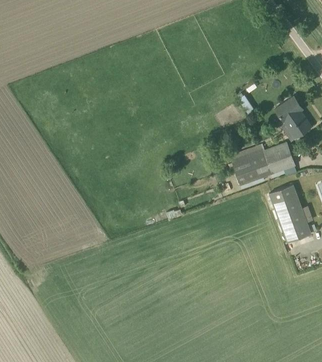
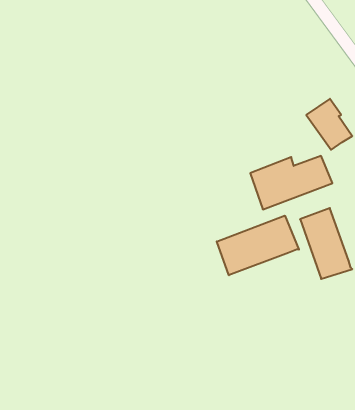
building: none -> [217,216,299,275]

